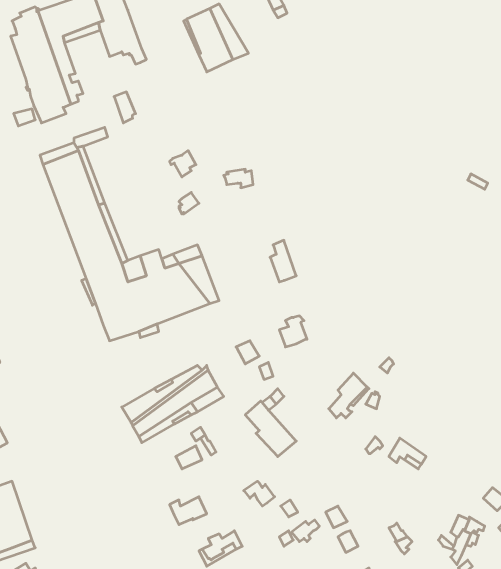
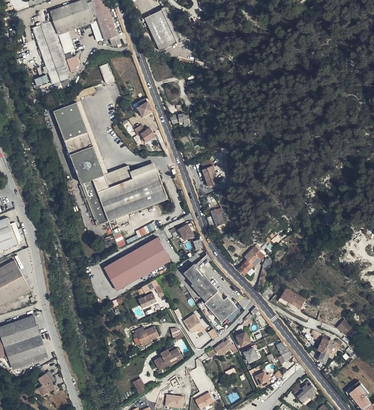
building: none -> [204,291,237,321]

